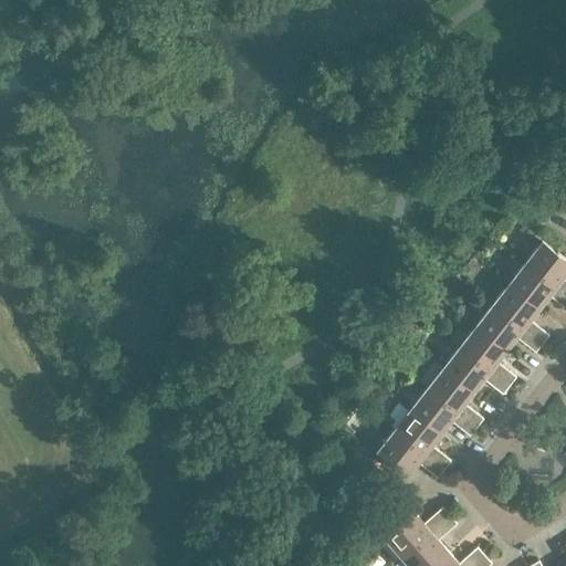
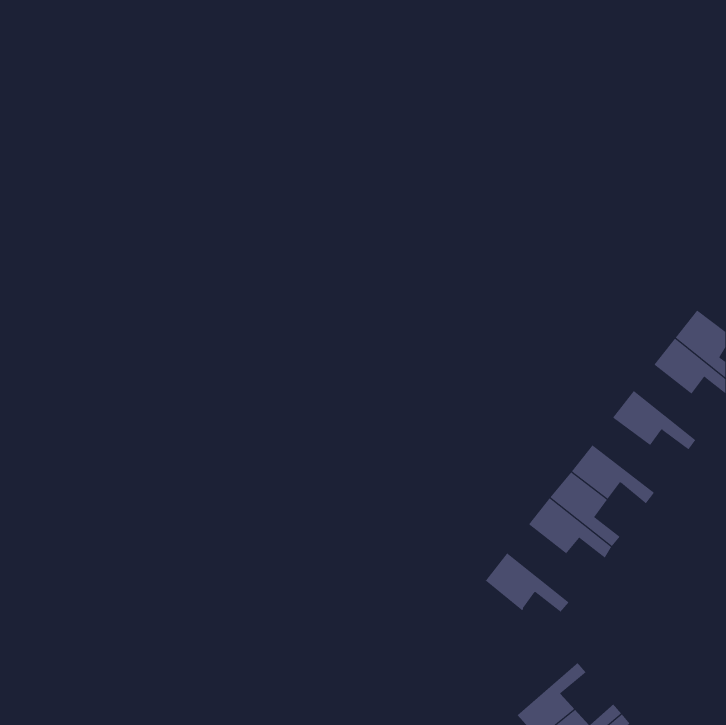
building: [492,285,547,344] -> none
building: [460,326,515,385] -> none
building: [394,409,449,470] -> none
building: [382,509,449,557] -> none

